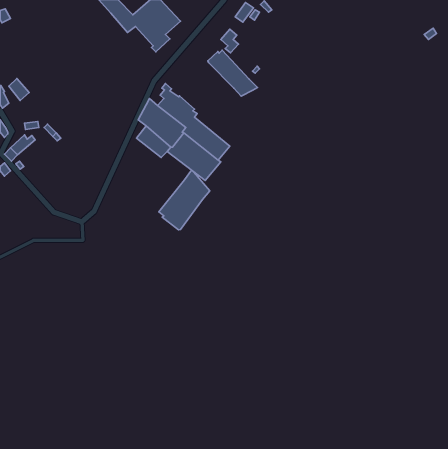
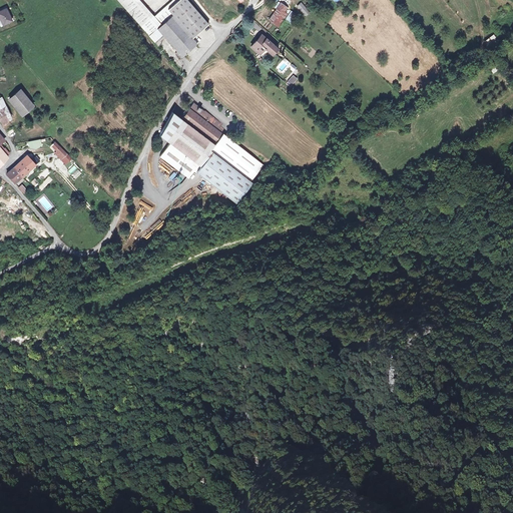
building: [208,50,258,96] -> none
building: [159,170,210,230] -> none

